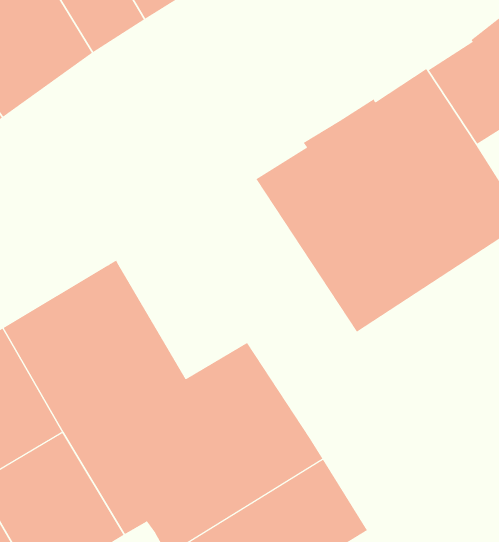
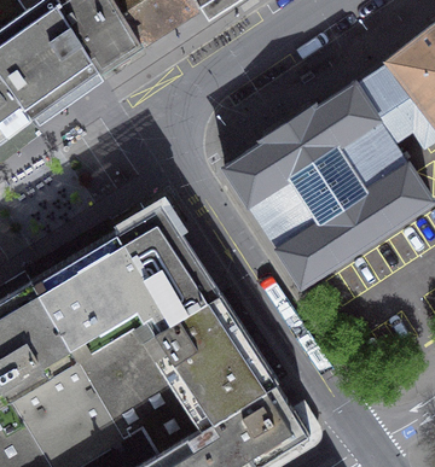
building: none -> [120,205,219,321]

